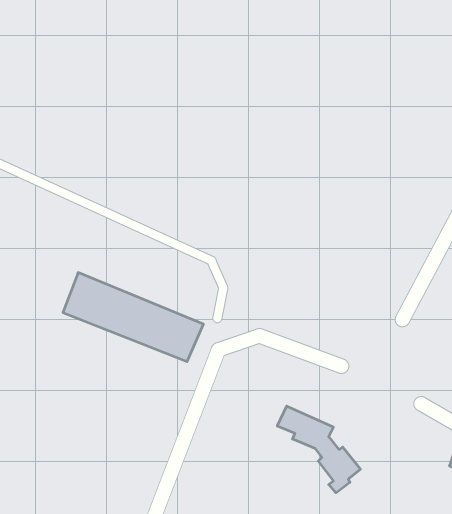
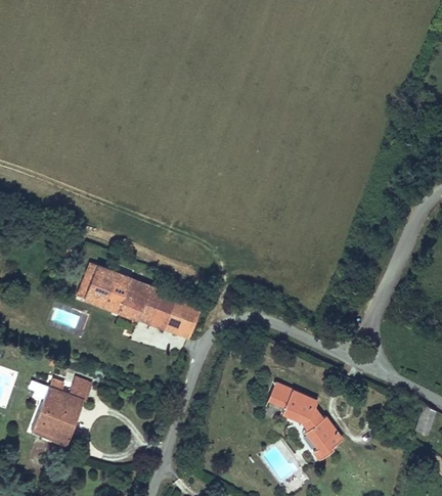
building: none -> [32,382,88,446]

